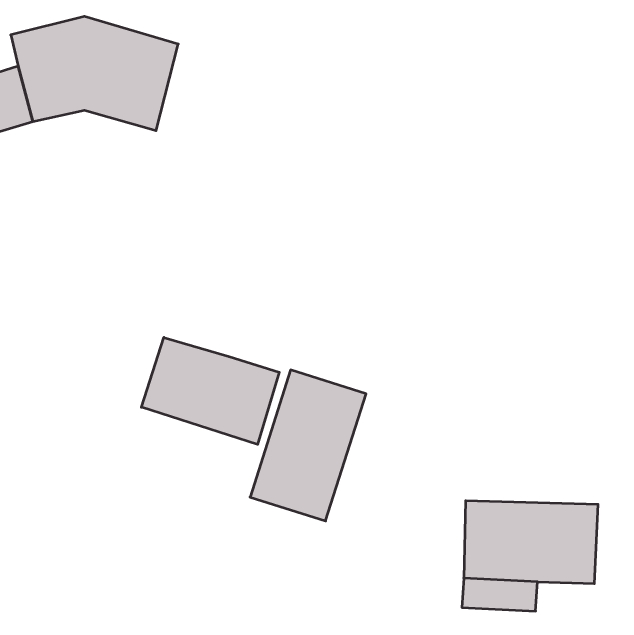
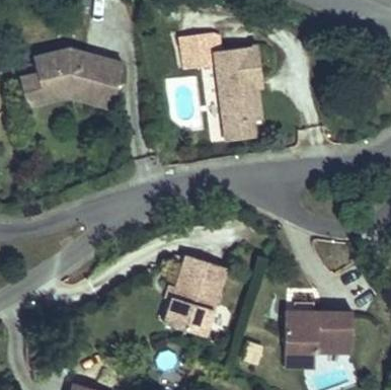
building: none -> [188,42,271,135]
building: [141,337,279,444] -> none

